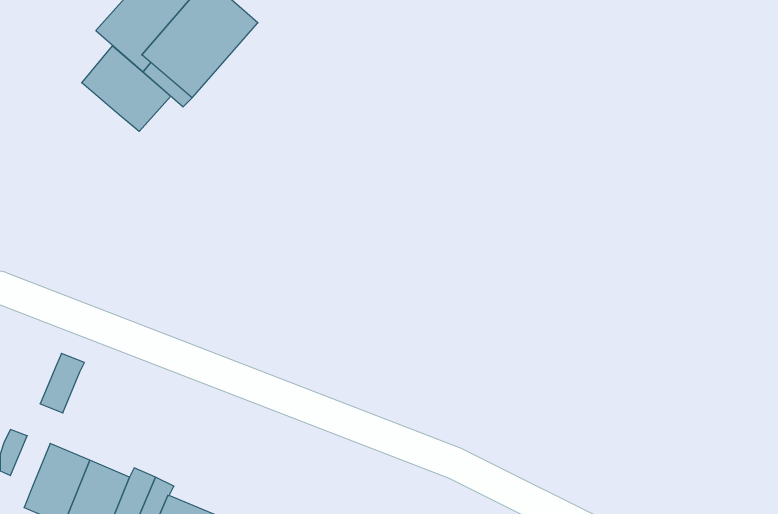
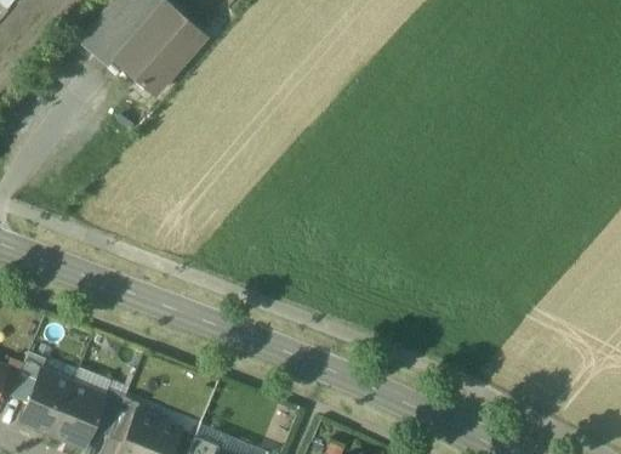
building: [82,46,171,131] -> none
building: [40,353,84,413] -> [10,354,45,402]

